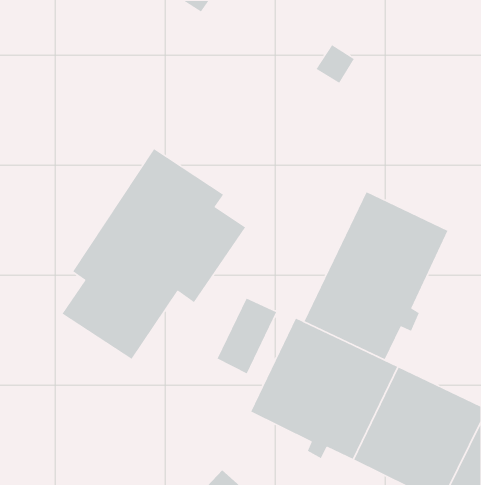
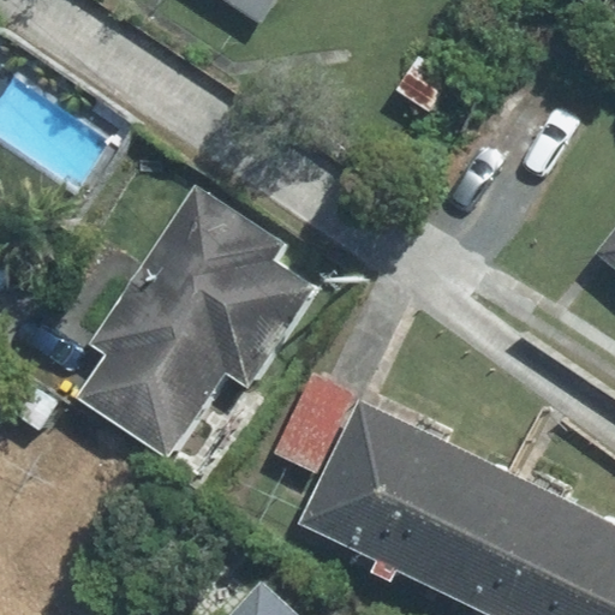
building: [303,191,449,360] -> none

